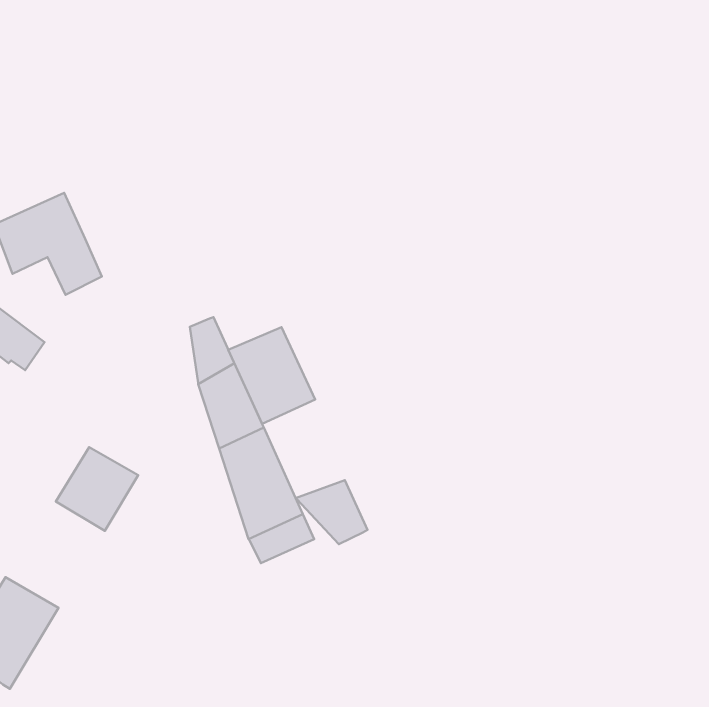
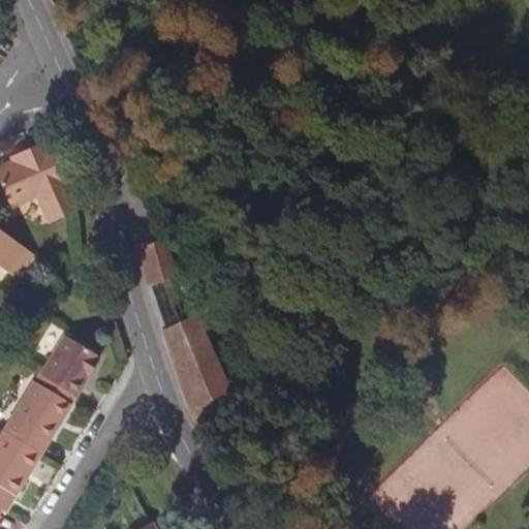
building: [228,327,315,424] -> none
building: [296,480,367,544] -> none
building: none -> [4,377,72,449]

